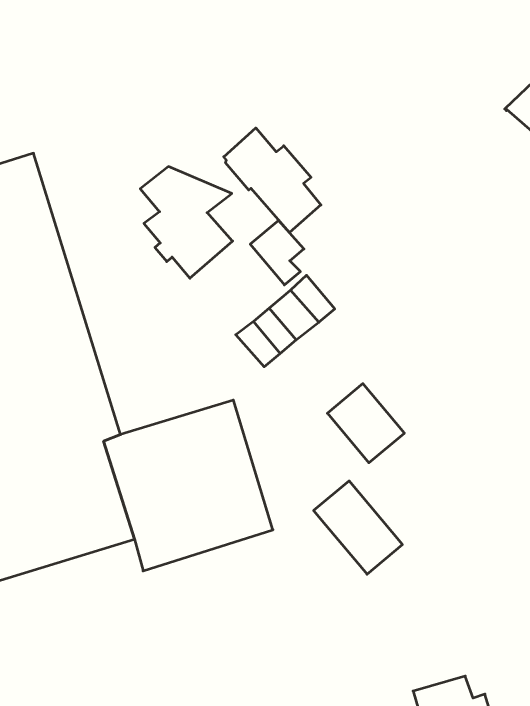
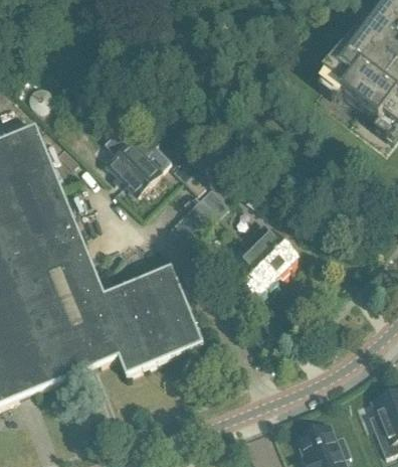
building: [224,128,321,233] -> none
building: [314,481,402,574] -> [241,219,297,276]

